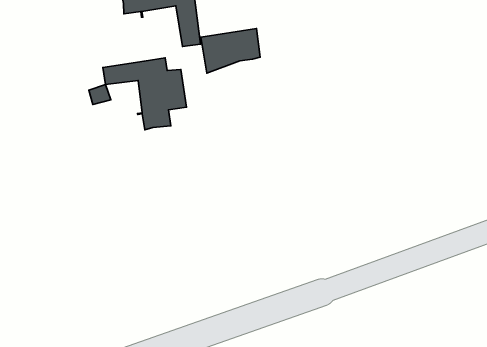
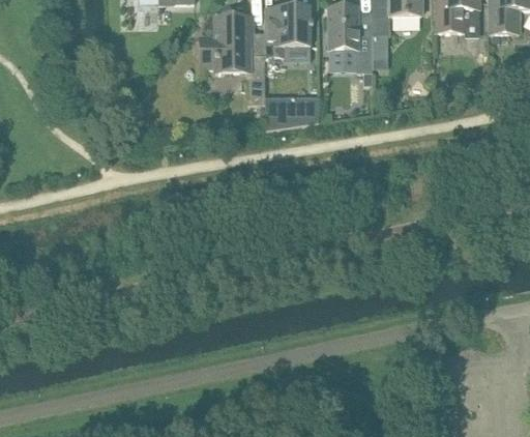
building: [103,58,187,130] -> none

